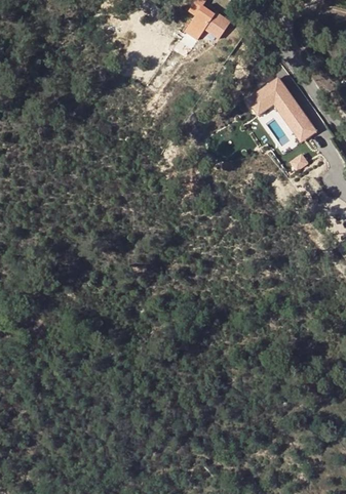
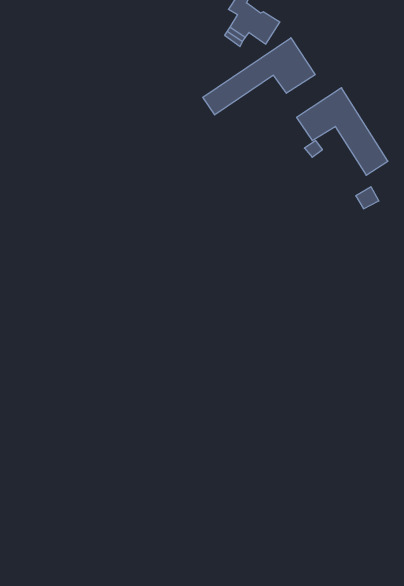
building: none -> [203,38,315,115]

